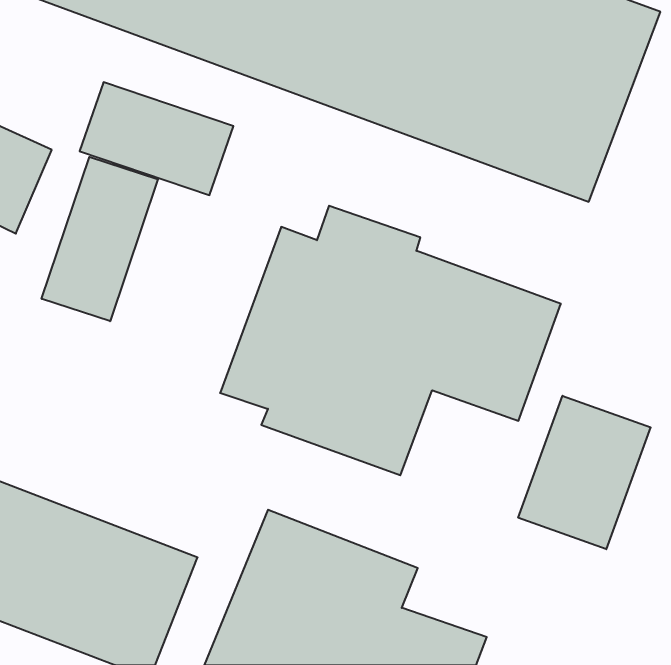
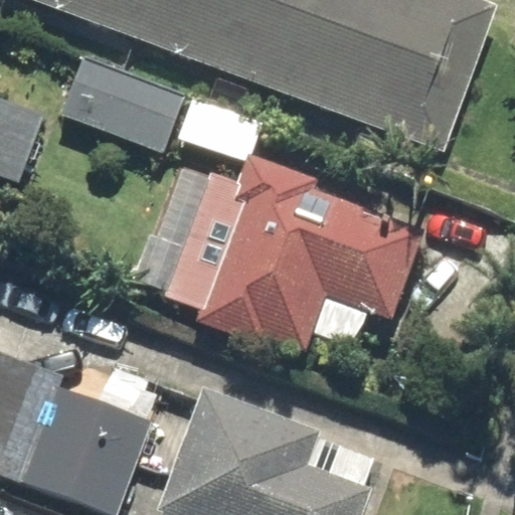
building: [42,157,158,321] -> none
building: [518,396,651,549] -> none

